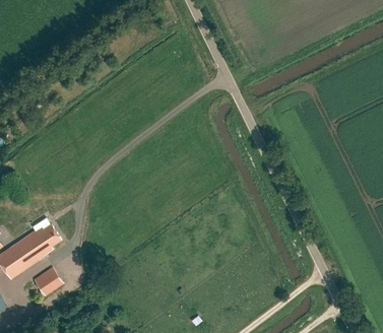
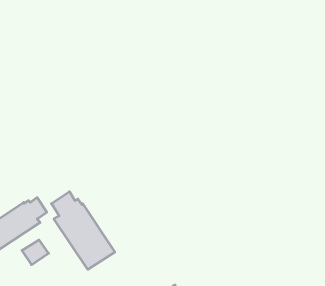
building: none -> [51,192,115,269]

